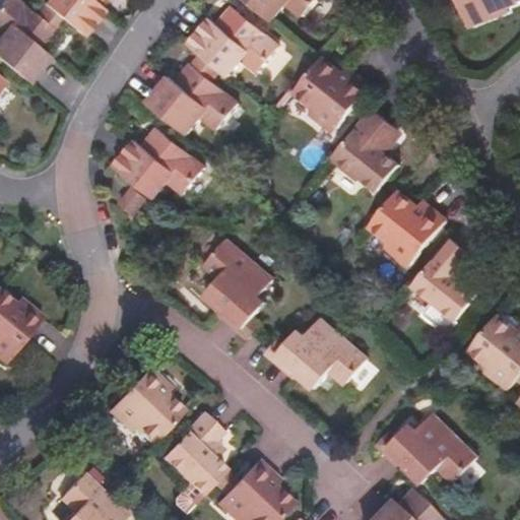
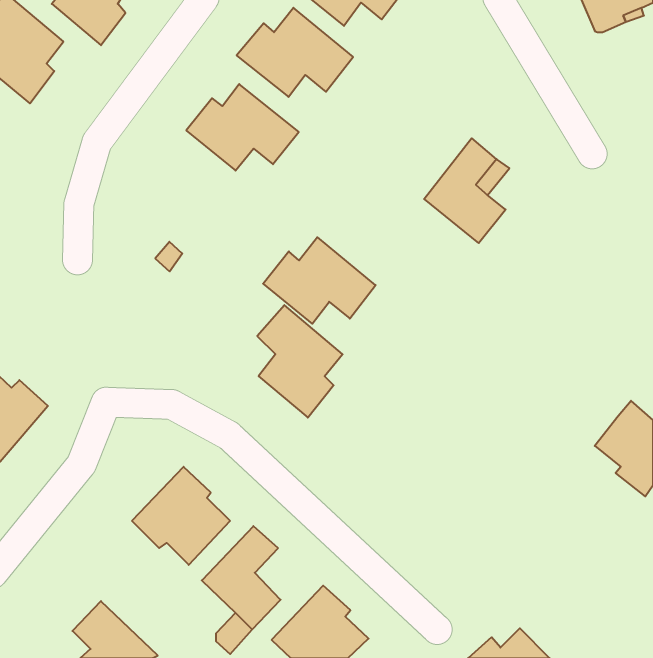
building: [291,58,368,133] -> none
building: [113,130,201,198] -> [263,237,376,324]
building: [367,190,444,266] -> none
building: [412,239,474,320] -> none
building: [274,320,364,390] -> none
building: [386,416,473,484] -> none

